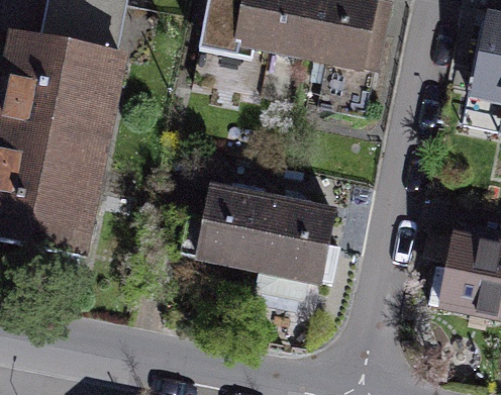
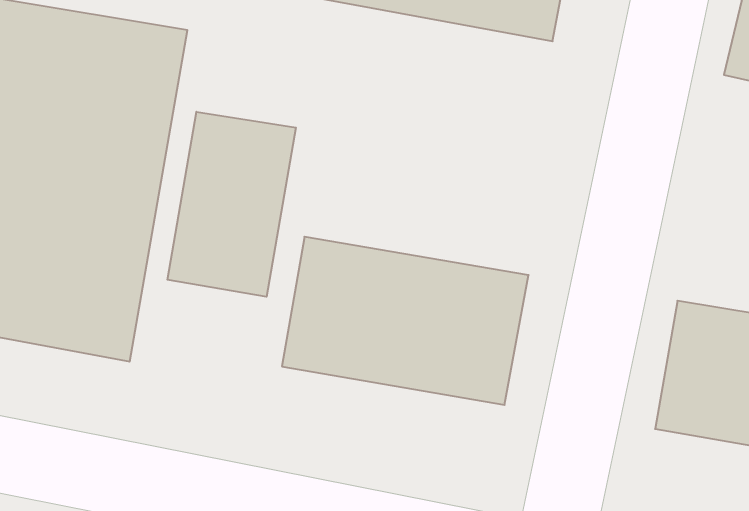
building: none -> [167,112,296,297]

